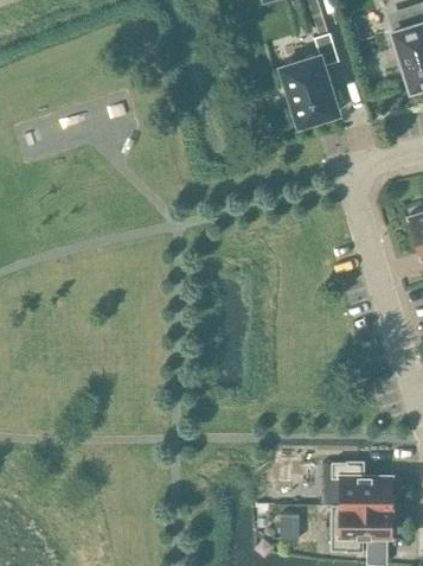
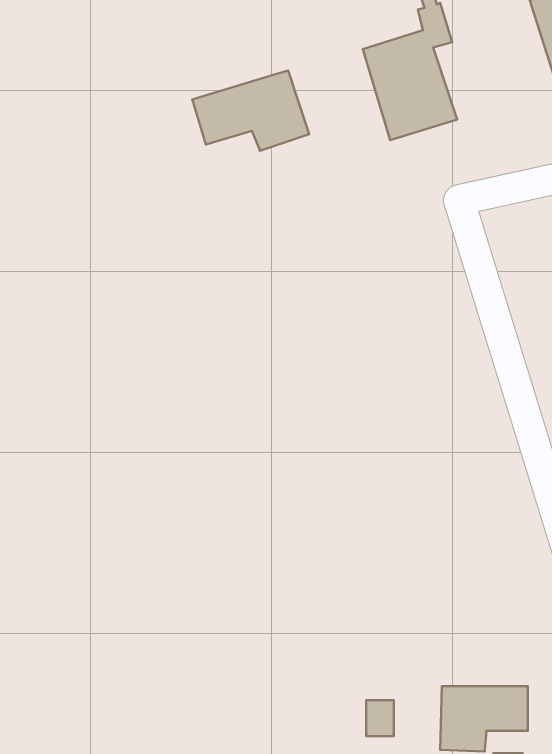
building: none -> [192,71,309,151]
building: [332,464,391,507] -> none

